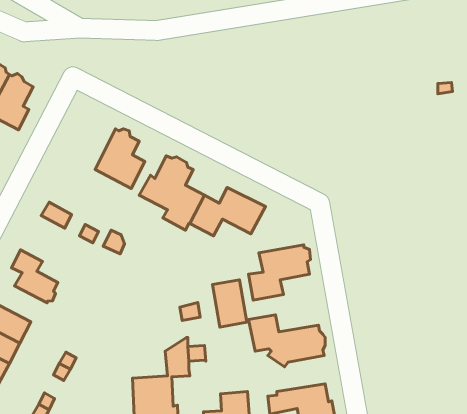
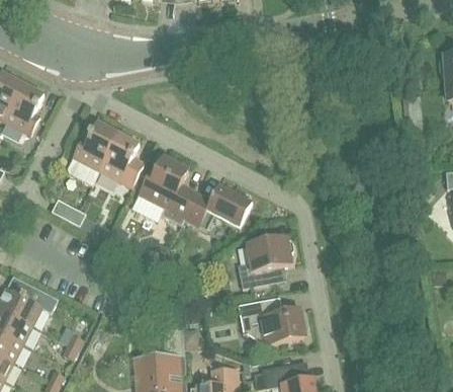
building: none -> [66,122,117,183]
building: [11,250,58,303] -> none
building: [212,280,247,327] -> none

